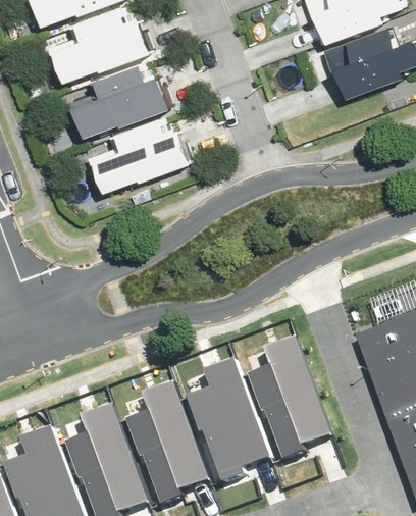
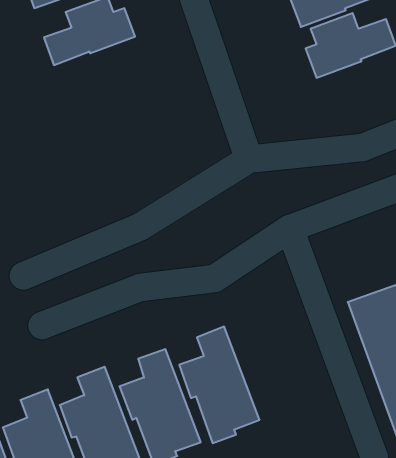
building: [67,68,162,140] -> none
building: [89,120,184,192] -> none
building: [246,336,329,457] -> none

